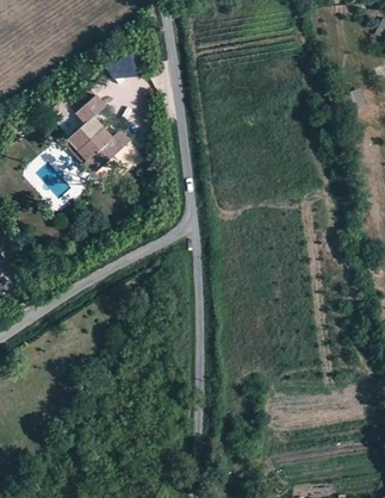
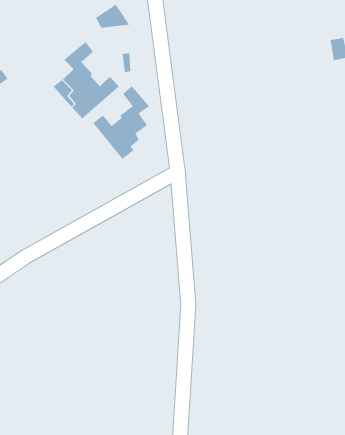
building: none -> [92,85,150,160]

